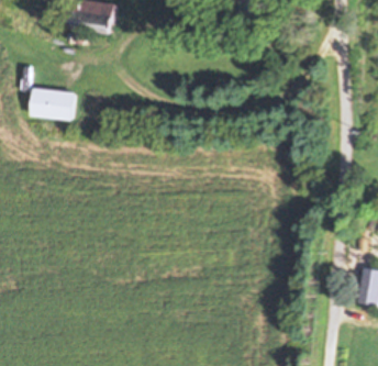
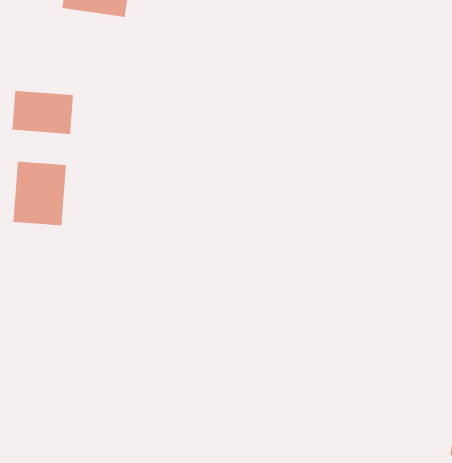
building: none -> [13,161,67,226]

